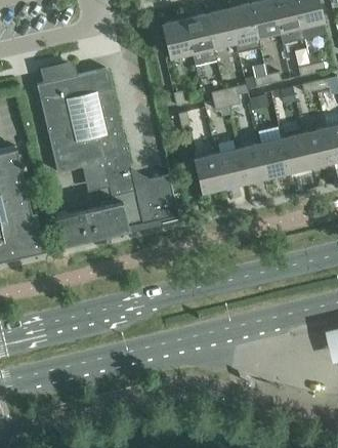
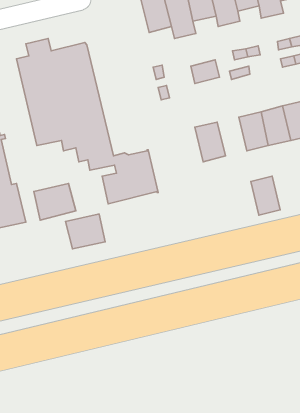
building: [238,144,267,182] -> [251,176,280,215]
building: [193,154,223,194] -> none
building: [88,203,128,238] -> [65,214,105,249]

